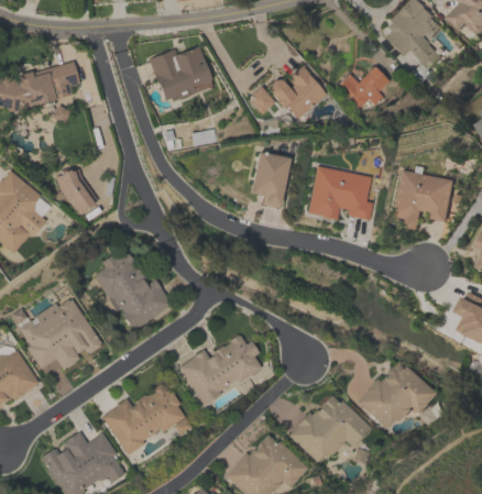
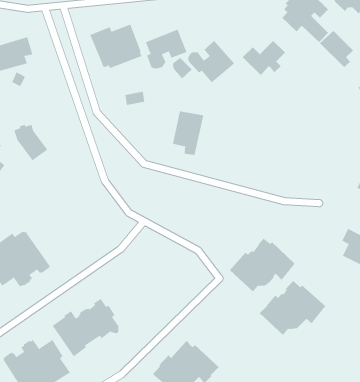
building: none -> [145,29,187,69]
building: none -> [319,30,354,68]
building: [308,167,373,221] -> none
building: [391,169,456,231] -> none
building: [95,250,174,332] -> none
building: [178,336,263,406] -> none
building: [288,395,370,462] -> [229,238,295,292]

